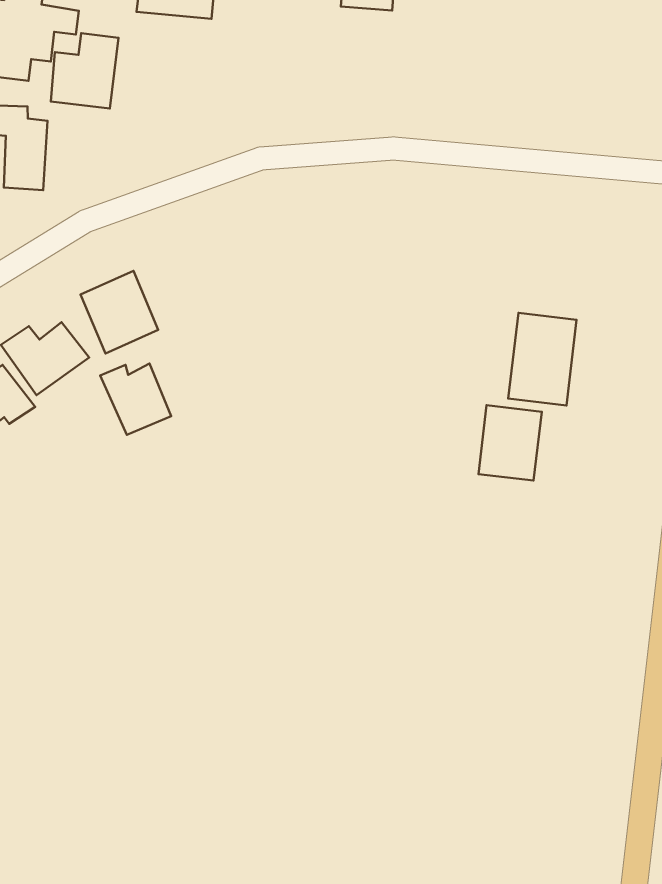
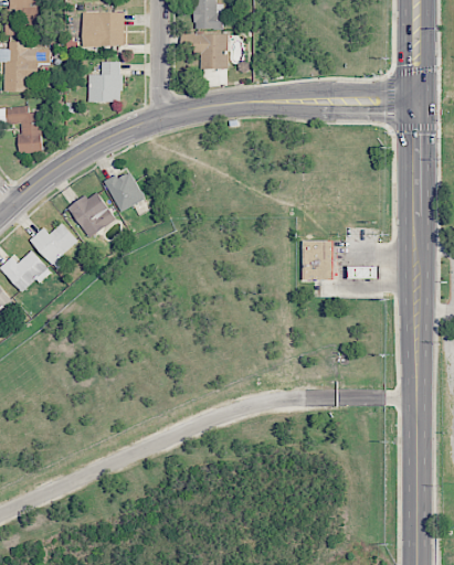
building: none -> [180,33,228,68]
building: [51,33,118,109] -> [87,62,122,102]
building: [508,313,577,405] -> none
building: [100,364,171,435] -> [103,171,145,212]

